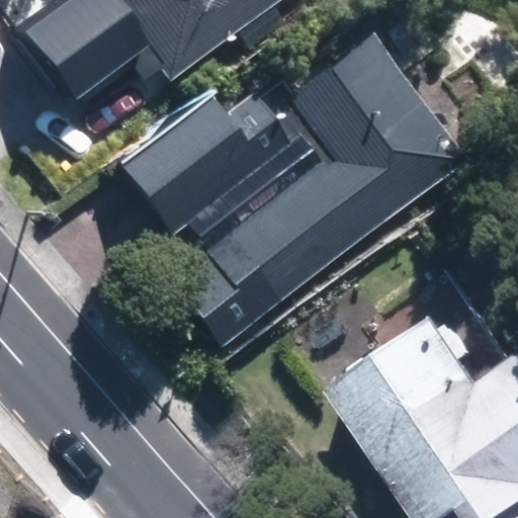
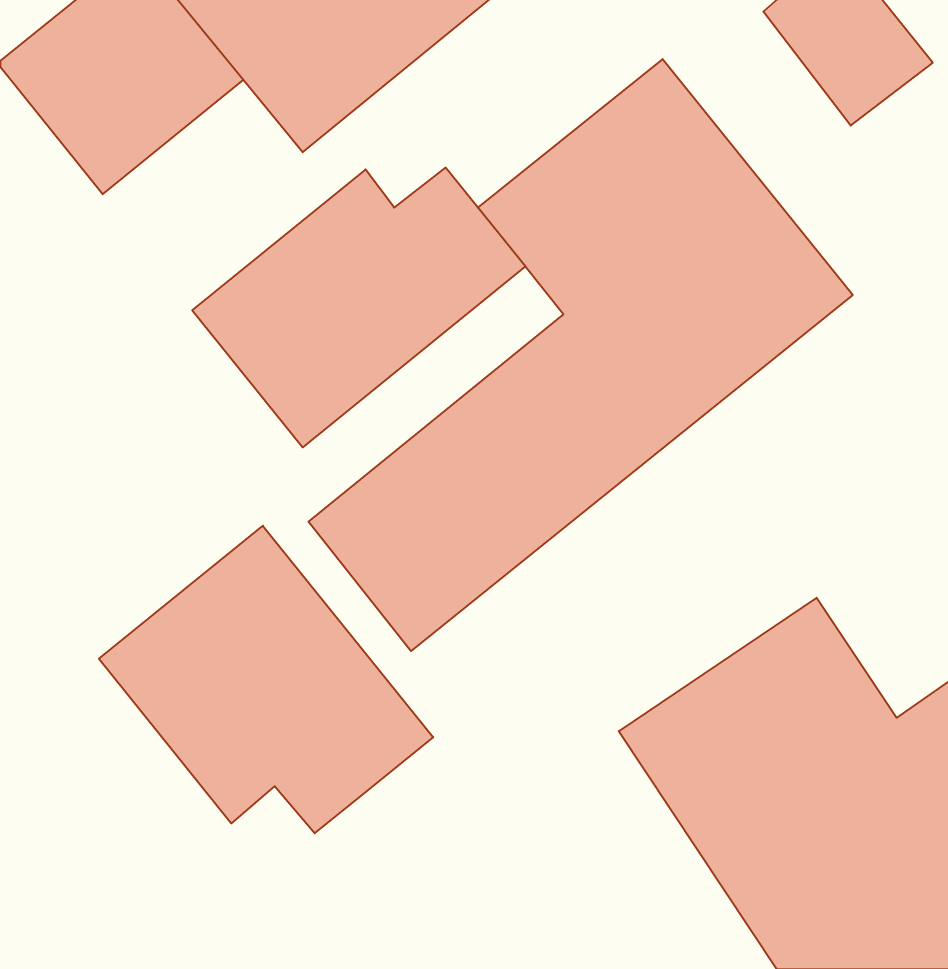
building: none -> [99,526,433,833]

